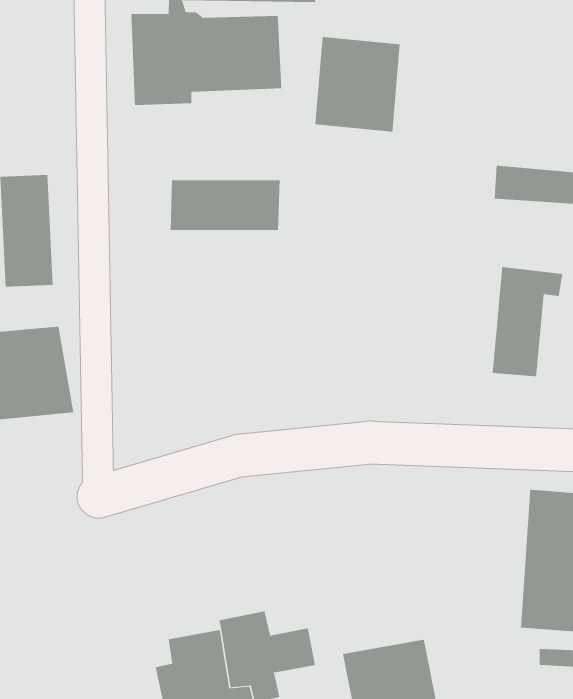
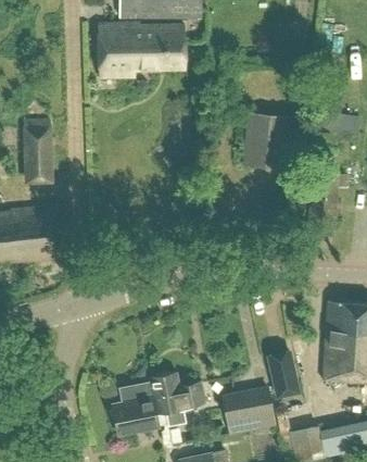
building: [314,37,401,132] -> [242,113,292,168]
building: [170,180,280,231] -> none
building: none -> [268,350,299,396]

